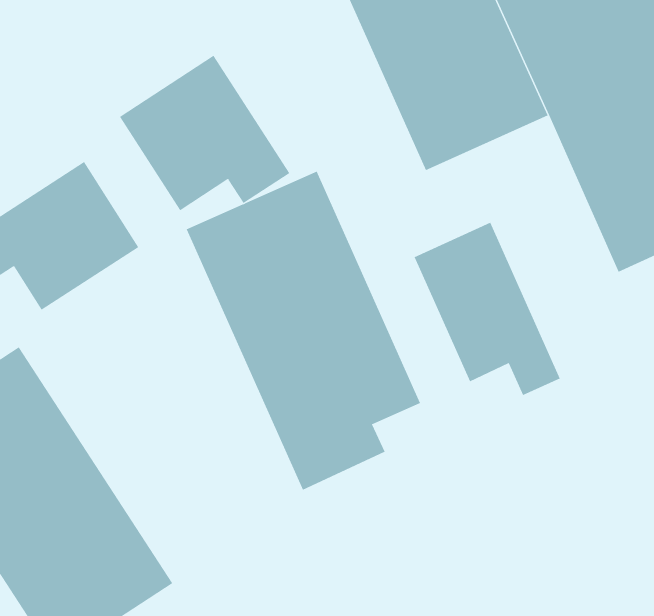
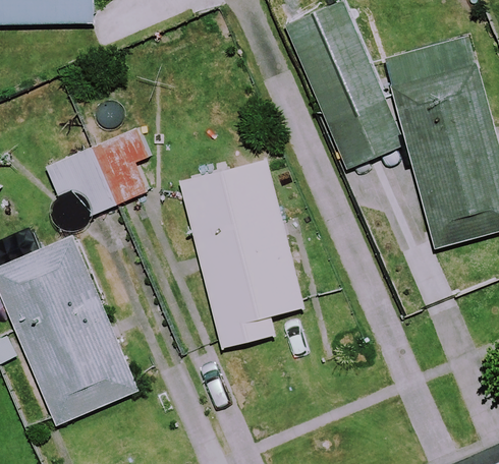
building: [119,55,290,211] -> none
building: [414,222,560,396] -> none

